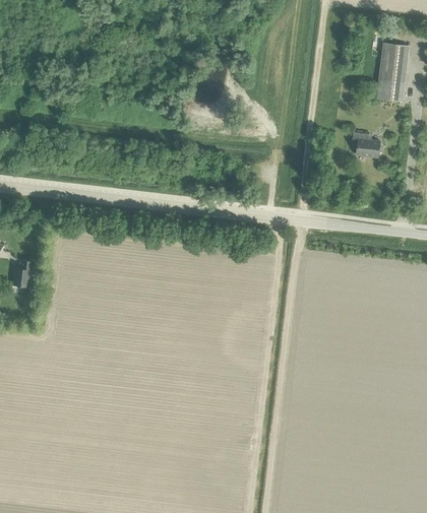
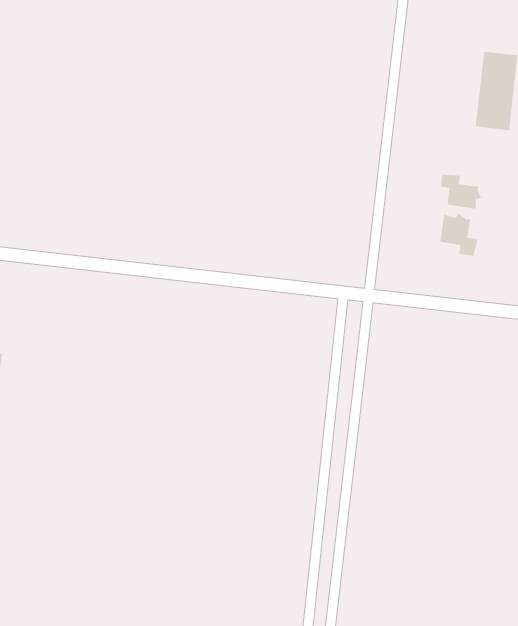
building: none -> [440,213,478,257]

